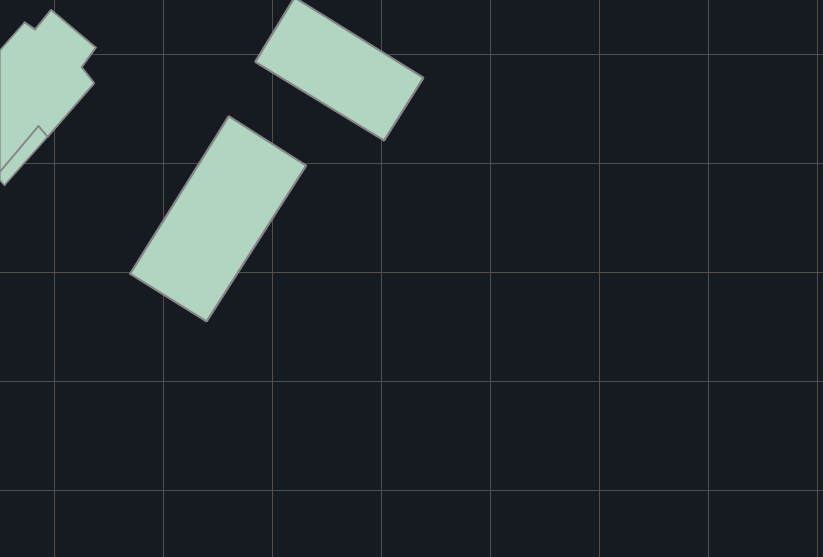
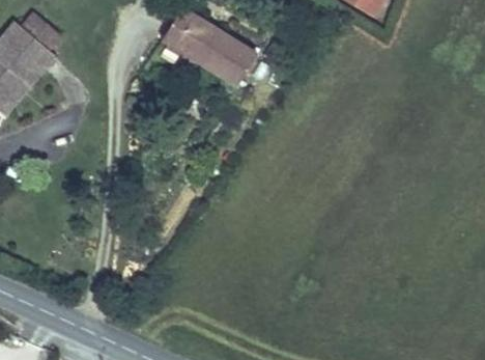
building: [130,116,306,321] -> none

